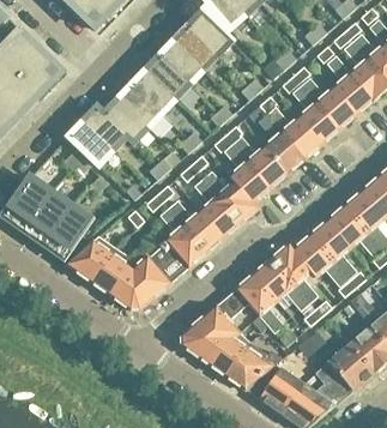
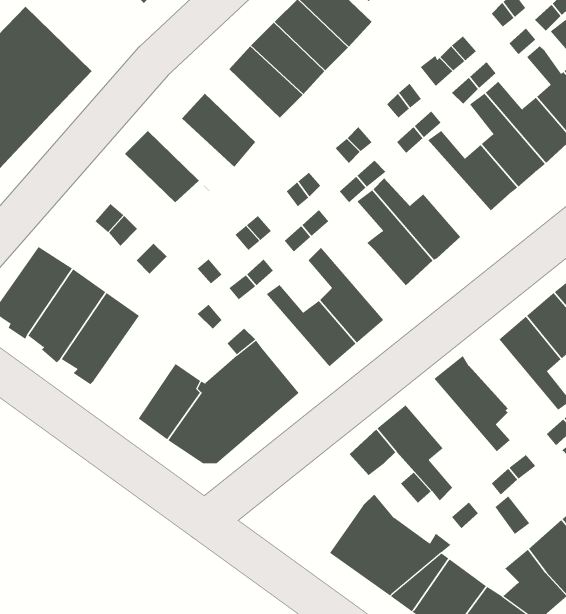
building: [133,68,179,113] -> none
building: [98,98,151,143] -> none
building: [260,111,307,170] -> none
building: [69,120,115,165] -> none
building: [204,169,260,221] -> none
building: [162,205,208,265] -> none
building: [294,233,347,284] -> none
building: [67,235,115,281] -> none
building: [255,257,310,308] -> none
building: [182,305,236,362] -> none

